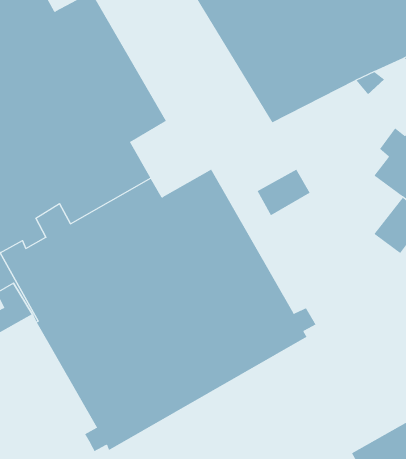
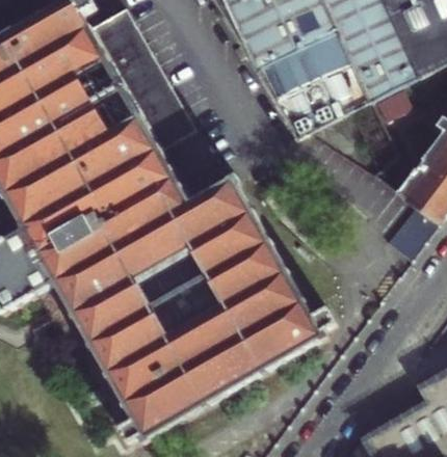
building: [257,169,310,216] -> none

